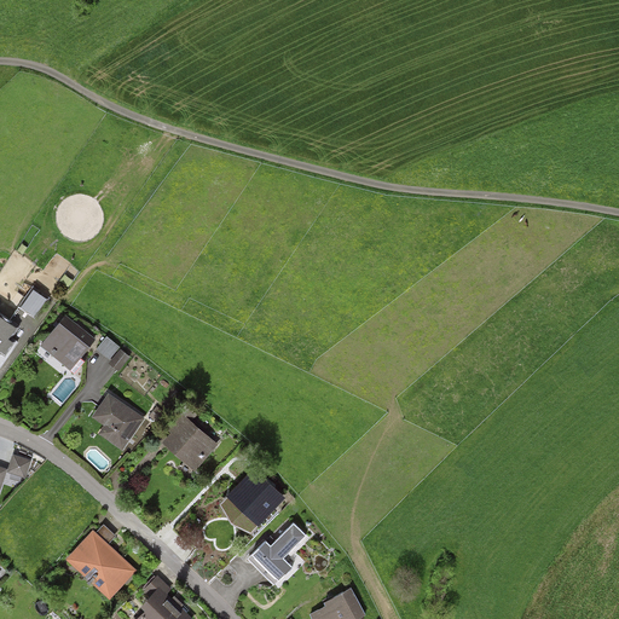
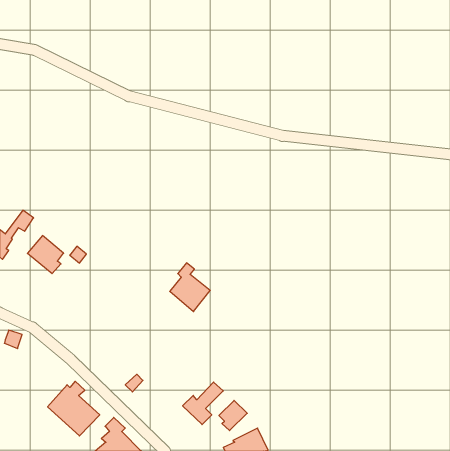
building: [91,393,144,451] -> none
building: [161,406,216,473] -> [170,263,210,312]
building: [225,476,274,530] -> none
building: none -> [219,400,247,431]

